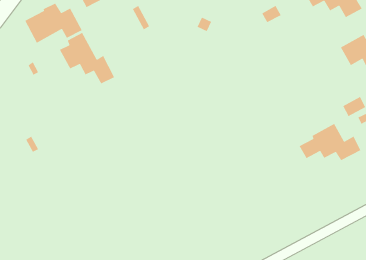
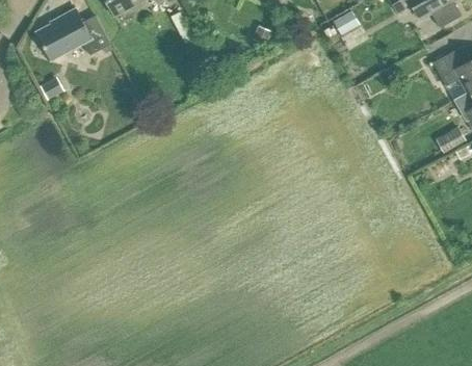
building: [59,32,115,85] -> none
building: [299,123,362,161] -> none

